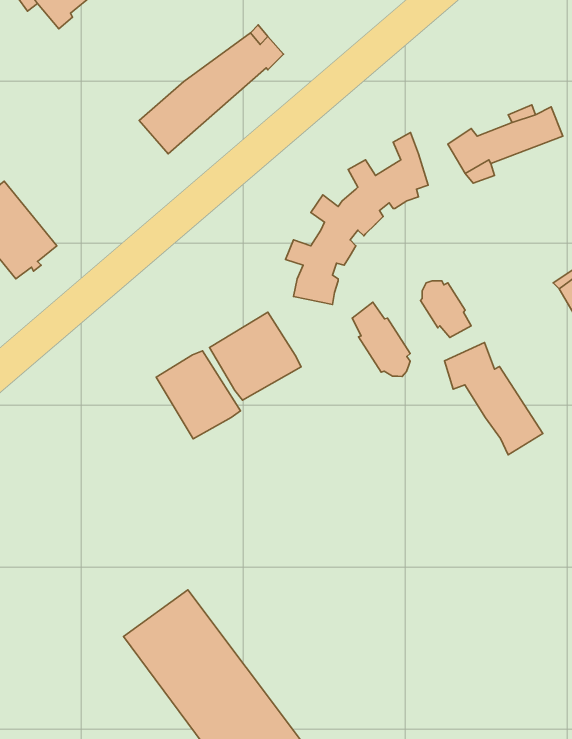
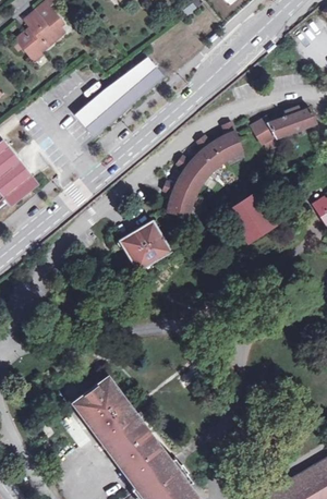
building: [352,302,410,377] -> none
building: [445,343,543,455] -> none
building: [156,351,240,439] -> none

